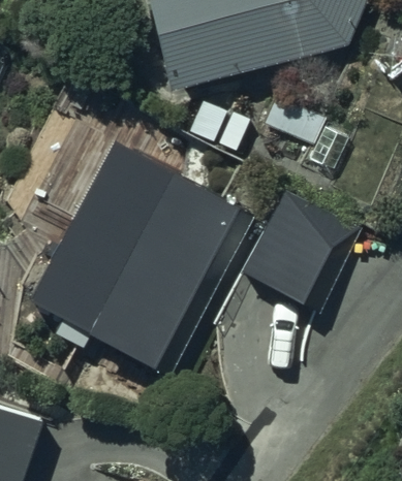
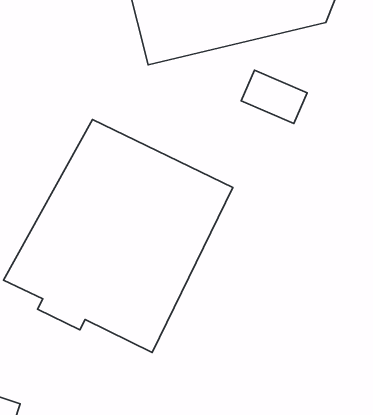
building: [239,185,365,314] -> none

